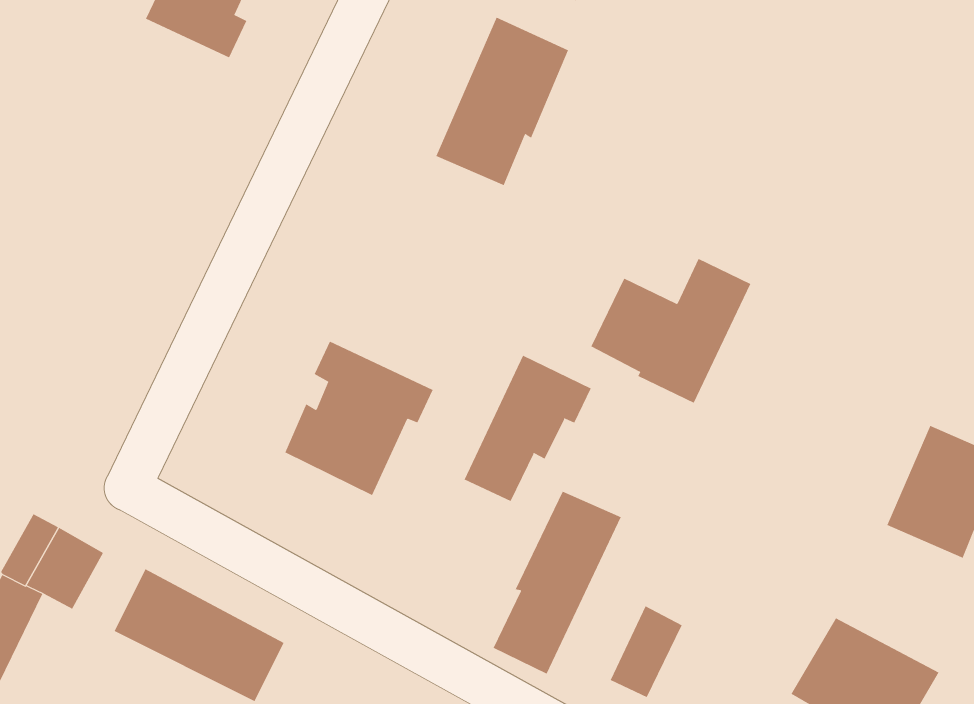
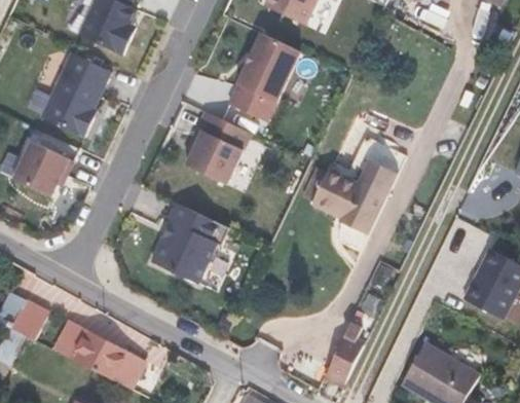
building: none -> [40,52,109,136]
building: none -> [184,111,249,183]
building: none -> [12,141,72,196]
building: [464,355,591,502] -> none
building: [493,491,621,674] -> none

